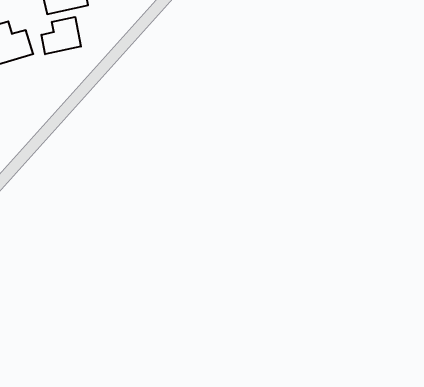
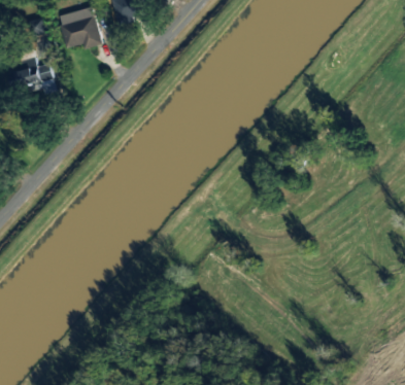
building: [41,17,81,54] -> none

